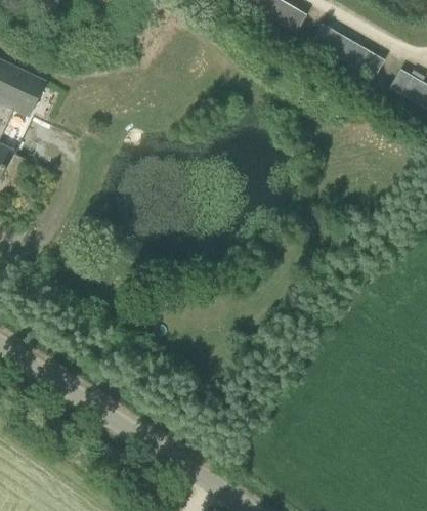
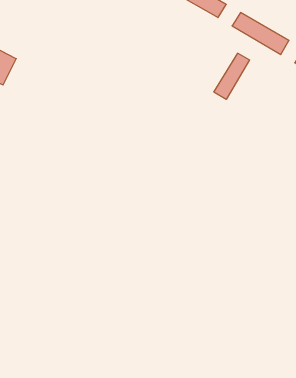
building: none -> [214,53,250,99]

